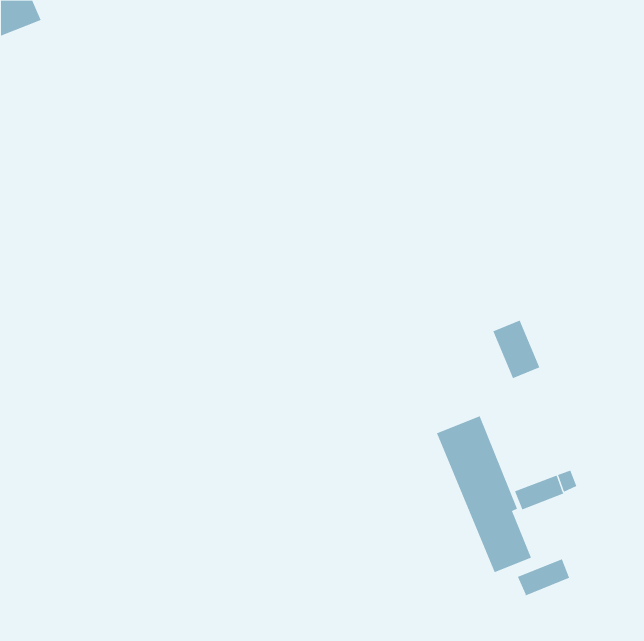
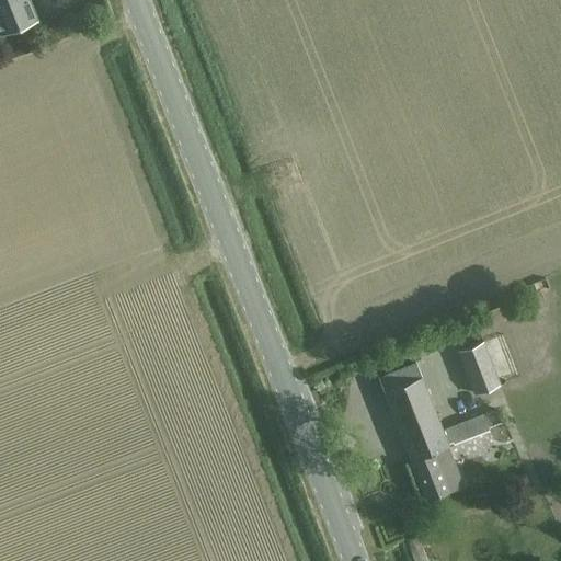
building: [492,320,540,379] -> [458,344,500,396]
building: [517,558,570,596] -> none

